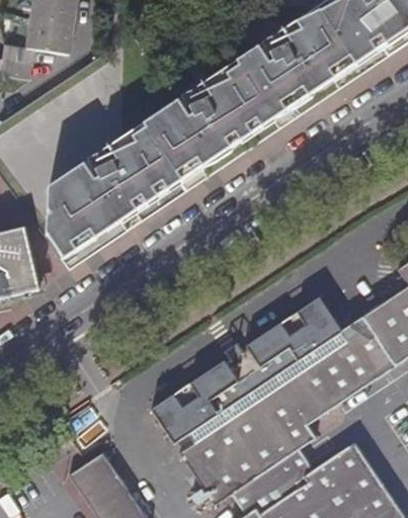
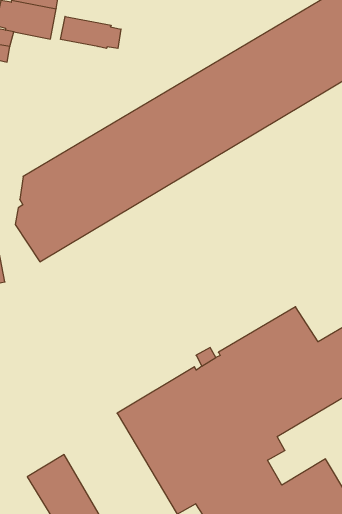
building: none -> [61,16,121,48]

